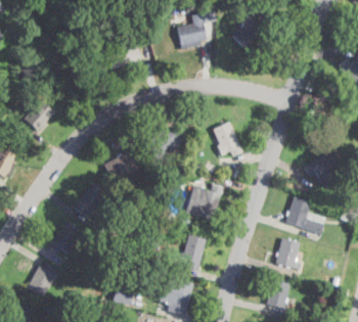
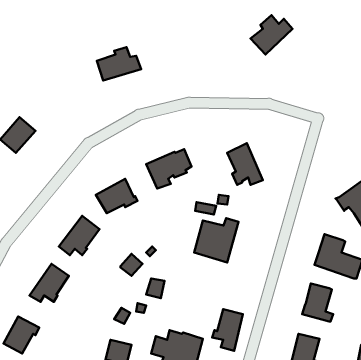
building: [178,7,217,49] -> none
building: [180,235,206,270] -> [212,309,243,351]

